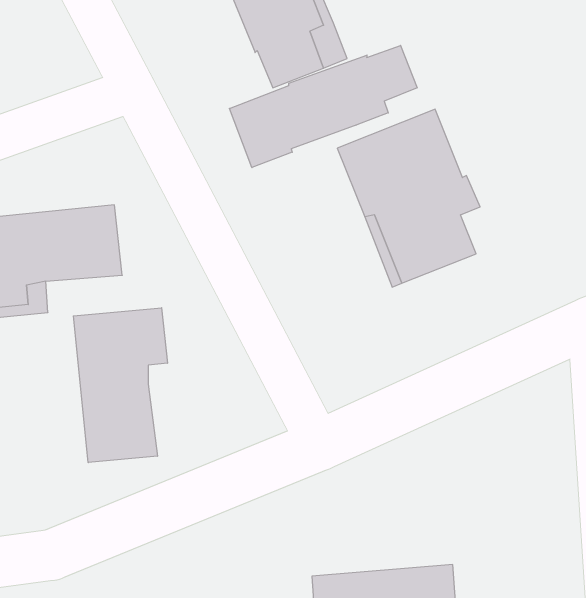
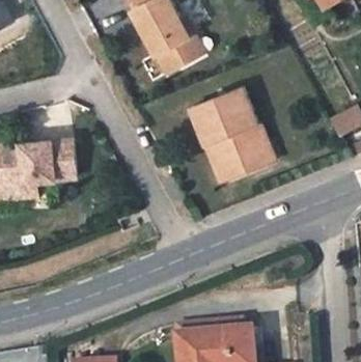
building: [229,45,417,168] -> none
building: [73,308,167,463] -> none

